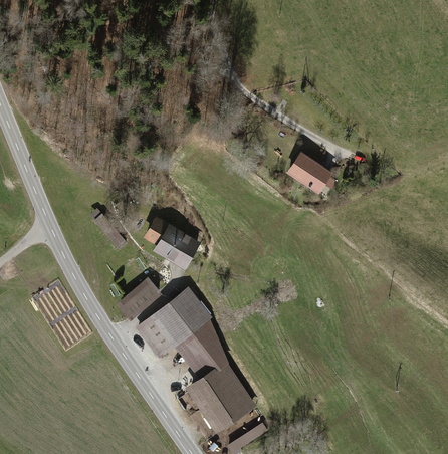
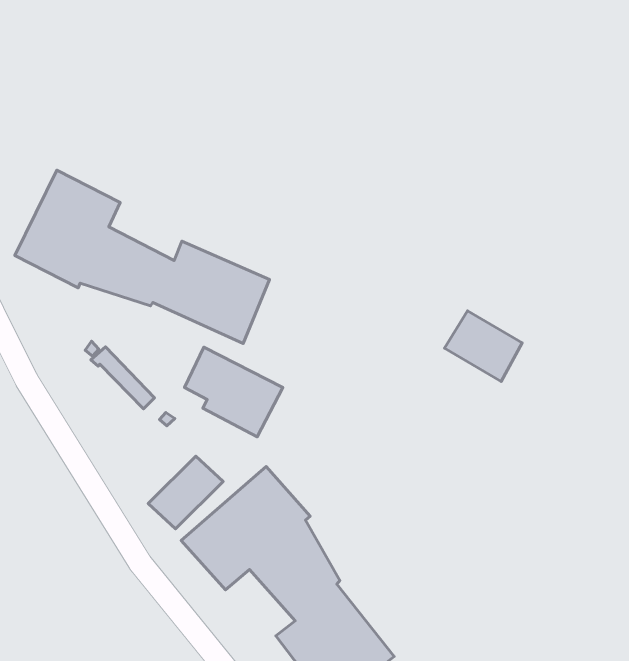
building: none -> [15,170,269,344]
building: [287,152,333,195] -> [445,311,522,382]

